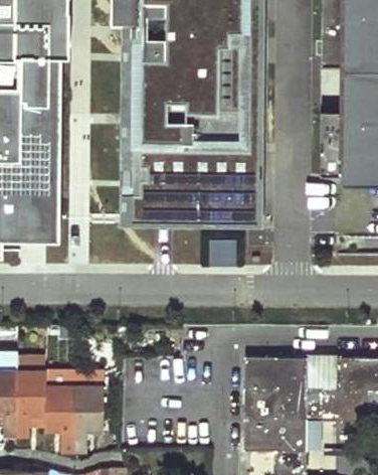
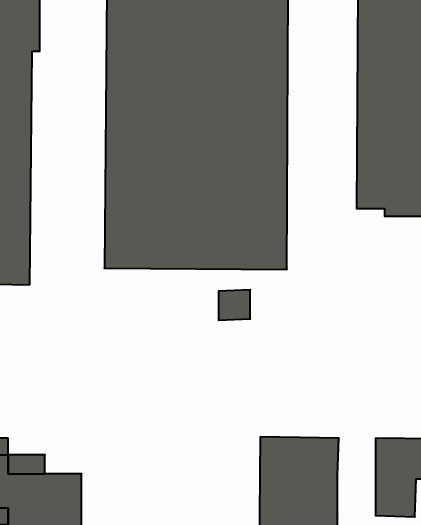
building: [305,386,335,419] -> none

